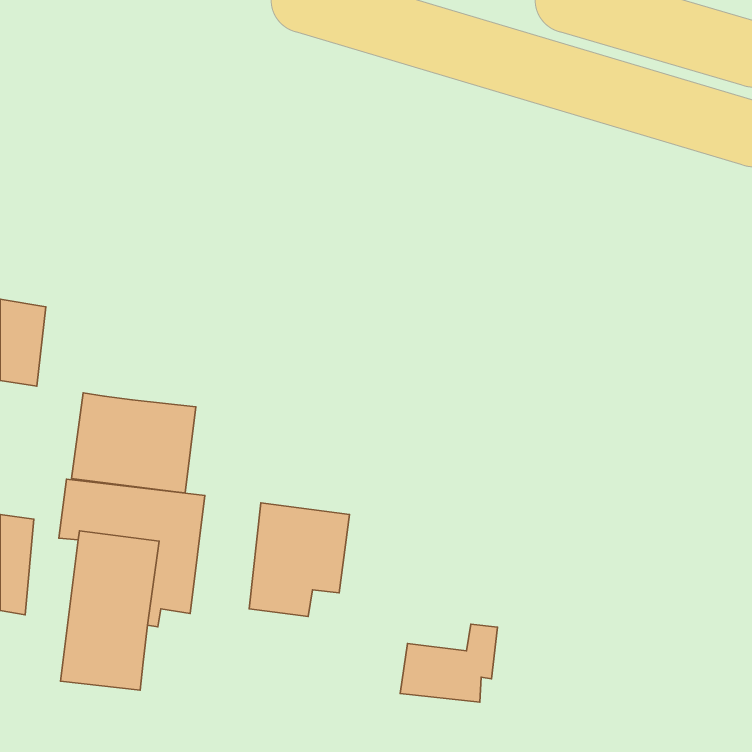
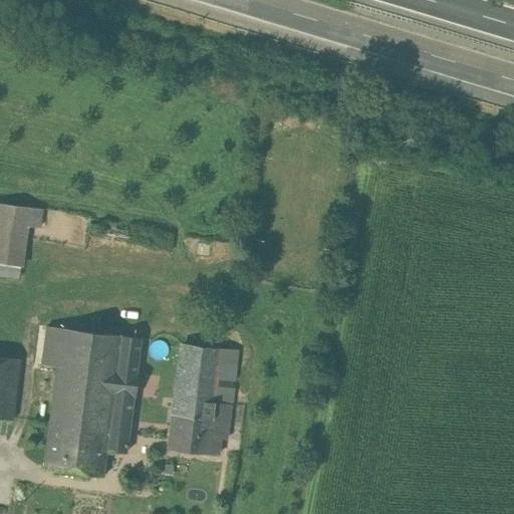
building: [71,393,196,493] -> none
building: none -> [98,416,131,456]
building: [400,624,497,702] -> [166,403,232,456]

